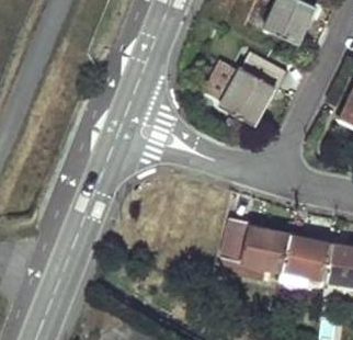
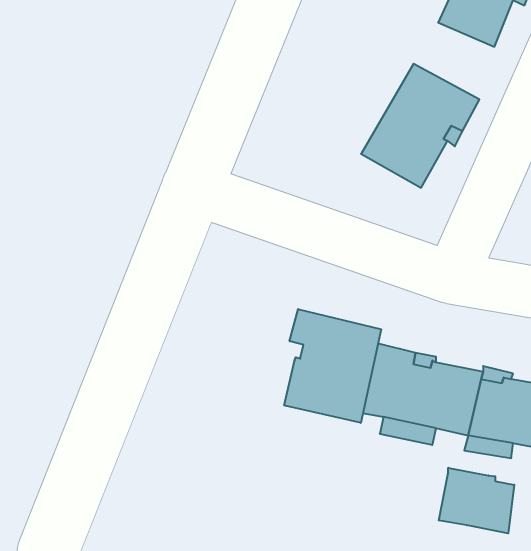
building: none -> [284,309,381,423]
building: none -> [439,468,514,533]

